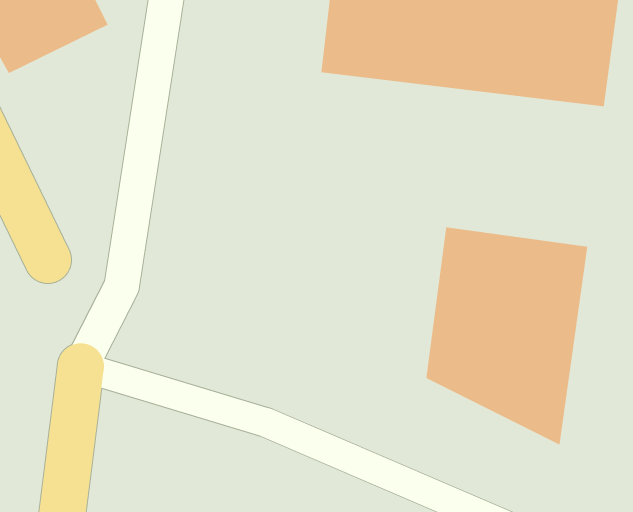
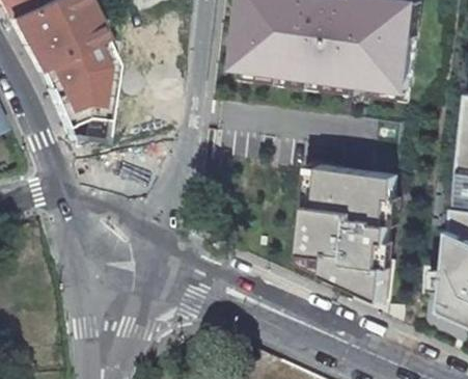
building: none -> [32,34,110,140]

